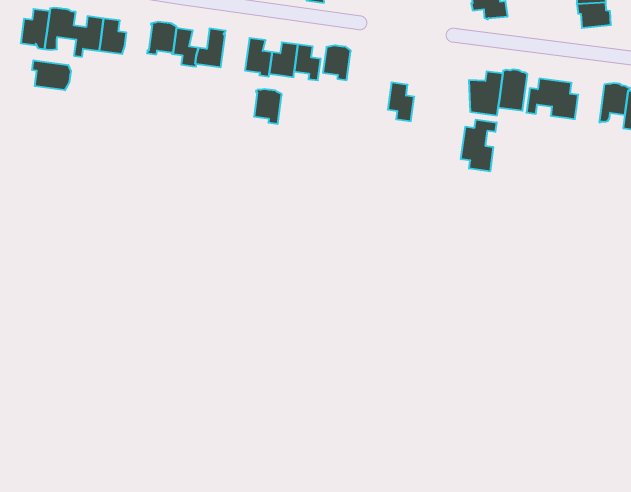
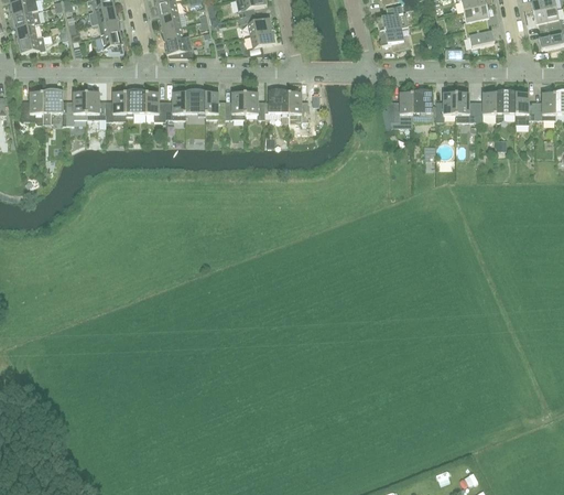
building: none -> [105,92,126,120]
building: [32,60,71,90] -> none
building: [388,83,414,121] -> [288,92,307,120]
building: none -> [475,93,495,121]
building: [254,89,282,124] -> [184,88,205,115]
building: [461,120,497,171] -> none

